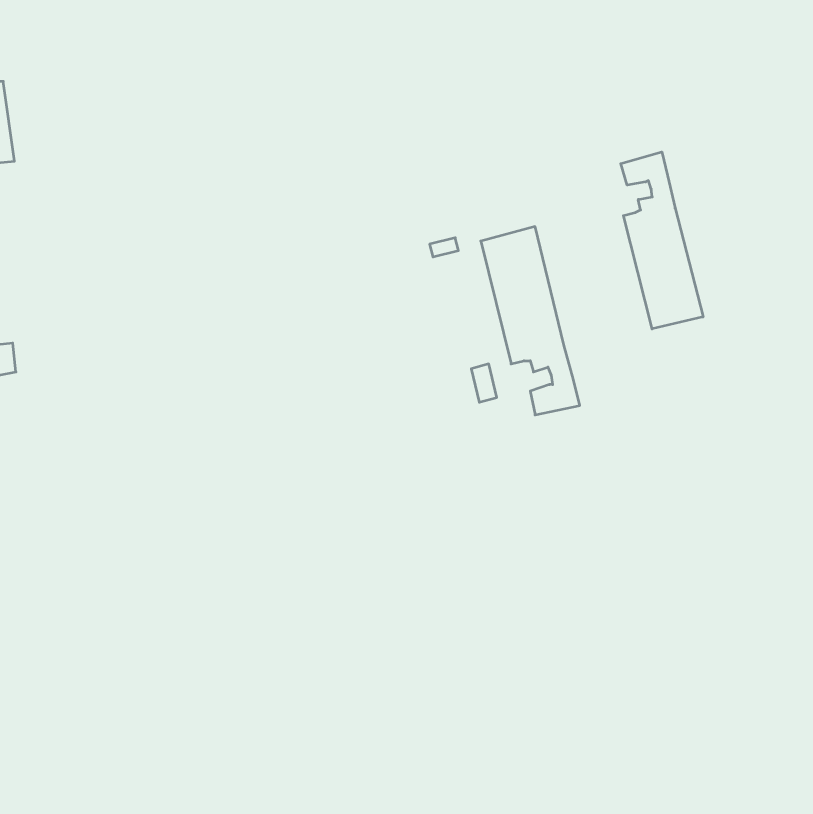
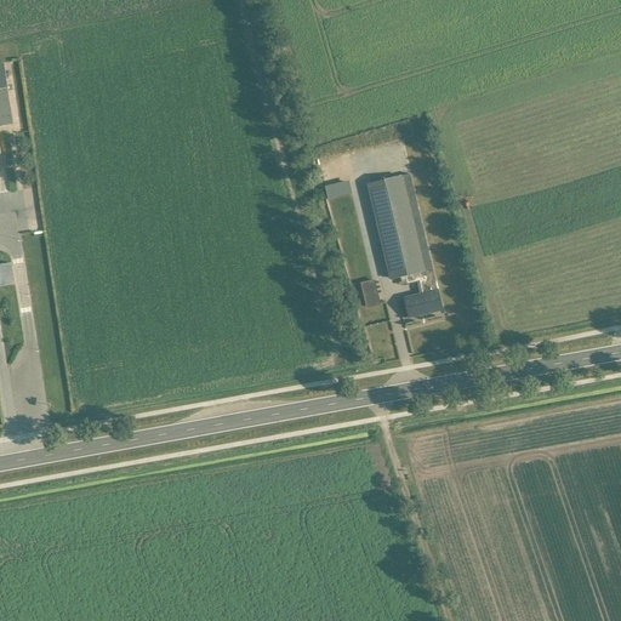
building: [621,152,703,329] -> none

